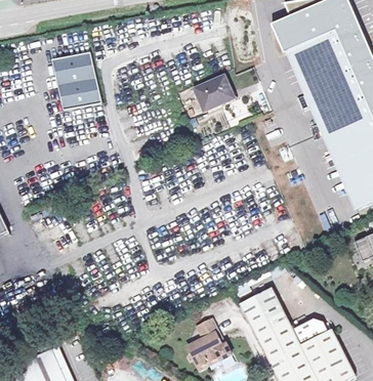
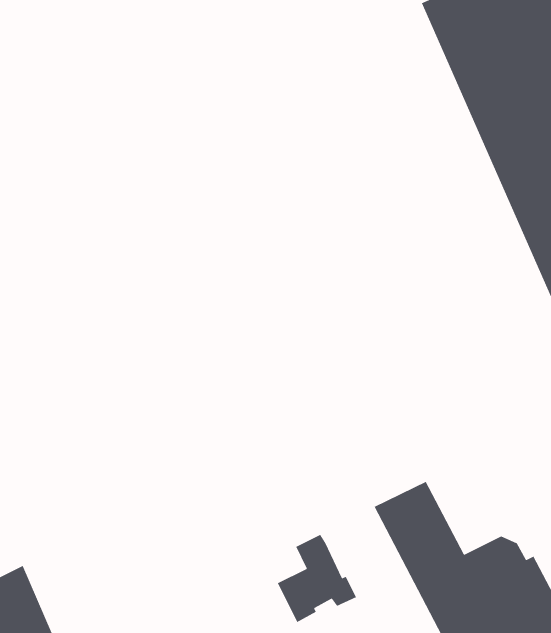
building: [52,53,103,124] -> none
building: [194,76,234,112] -> none

